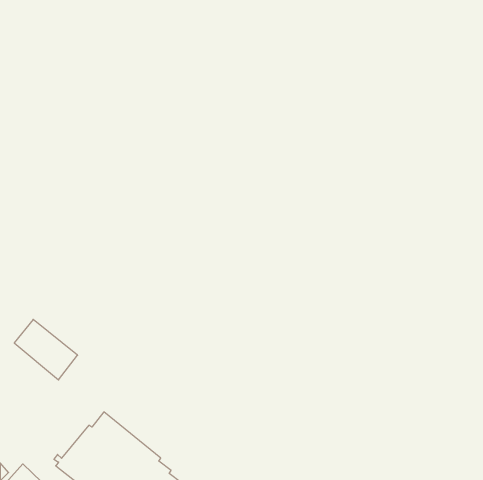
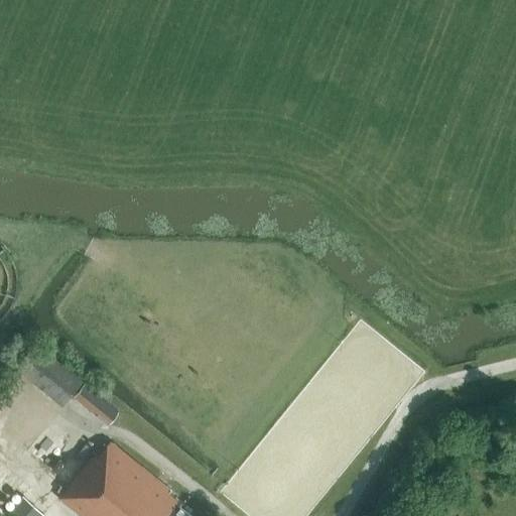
building: none -> [74,387,119,428]

